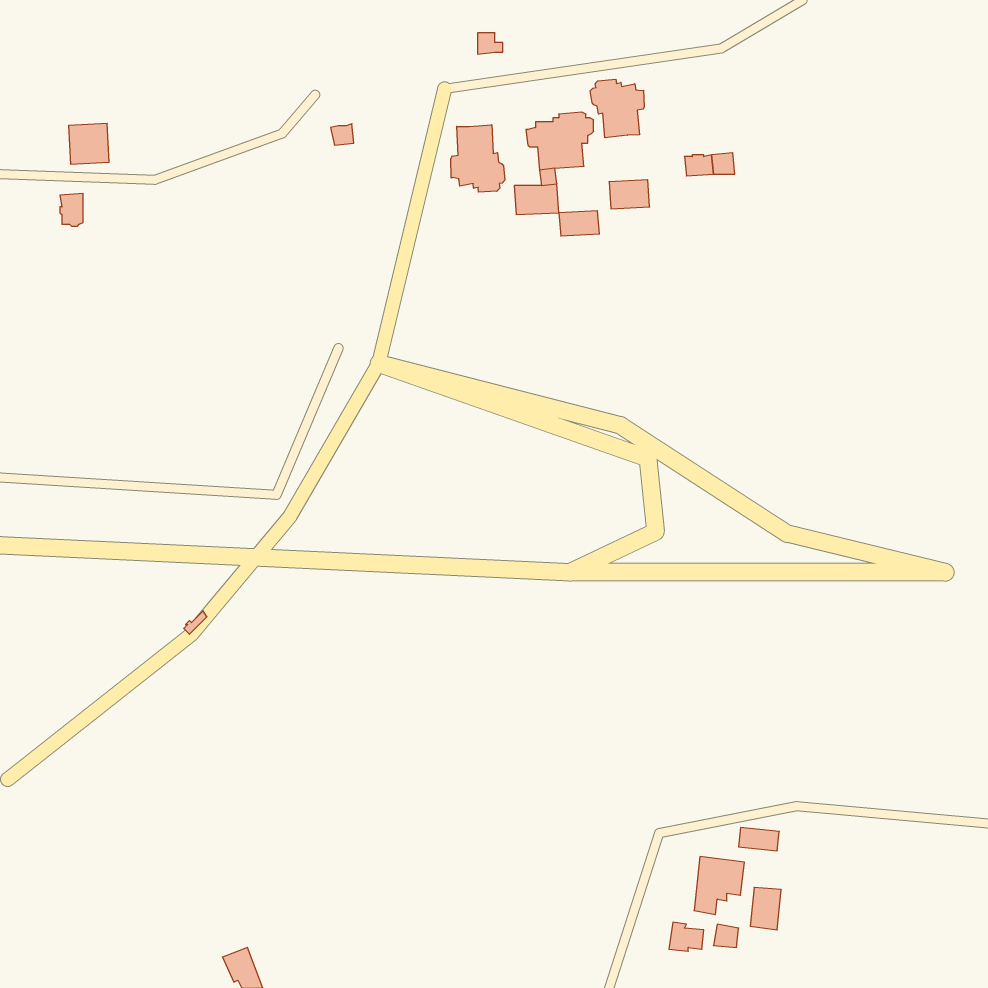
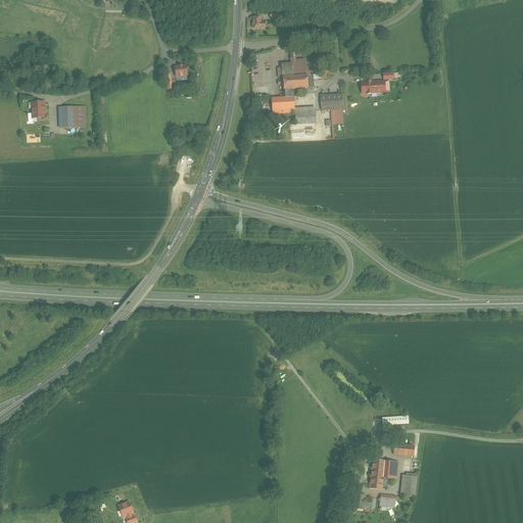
building: [590,79,644,138] -> none
building: [69,123,109,164] -> [62,107,84,129]
building: [451,125,505,192] -> none

